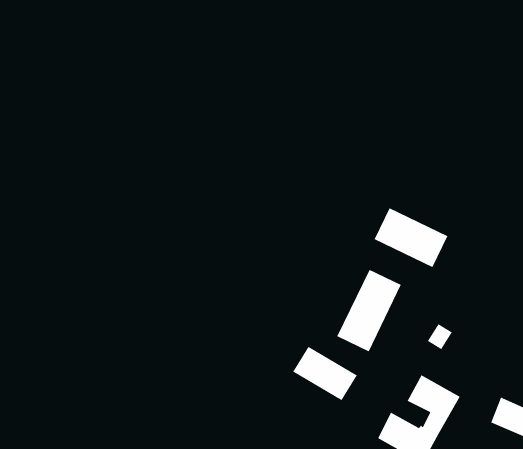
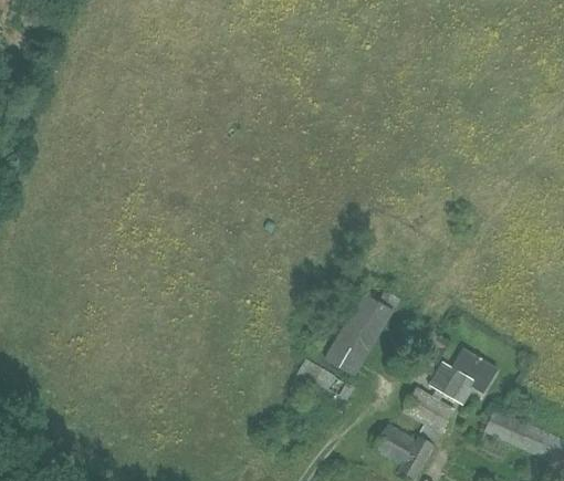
building: [373,207,449,268] -> none
building: none -> [427,346,498,406]

